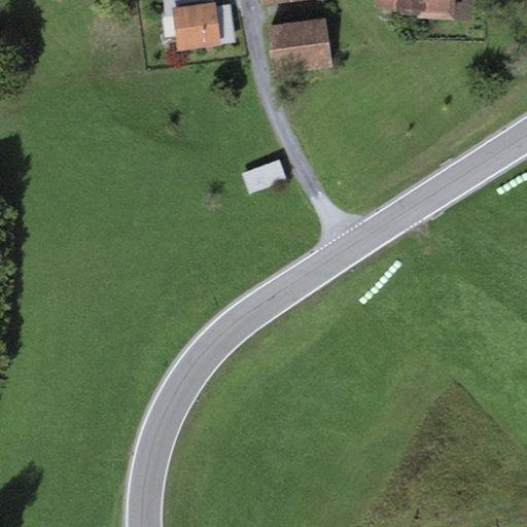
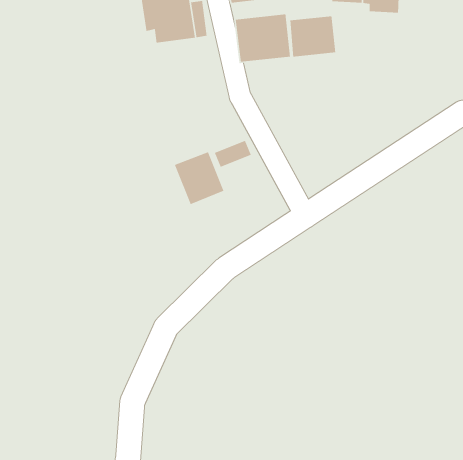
building: none -> [289,15,336,57]
building: none -> [174,151,224,205]

